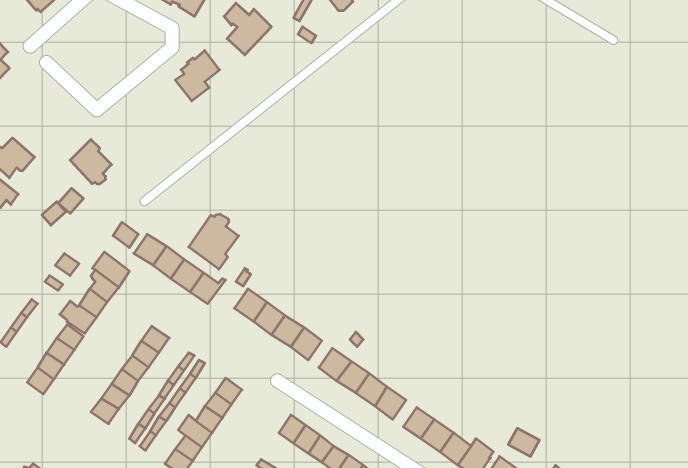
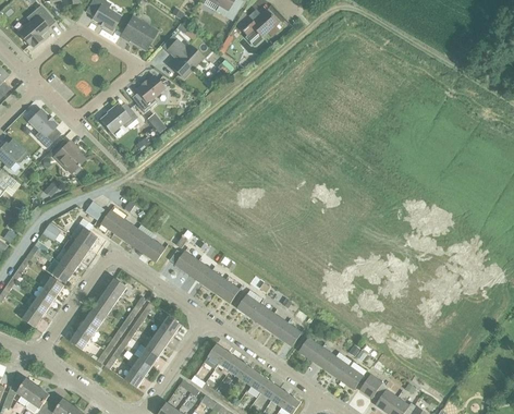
building: none -> [99,101,136,132]
building: none -> [27,108,60,147]
building: [189,214,239,269] -> none

